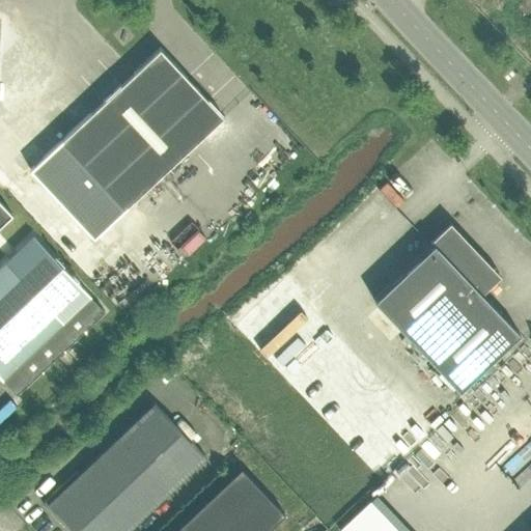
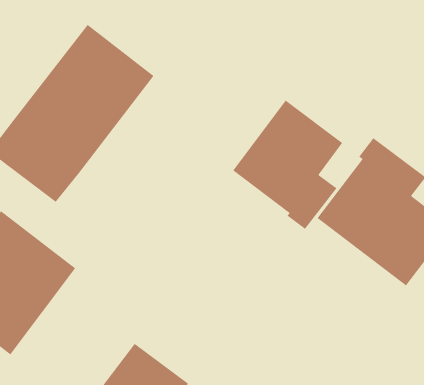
building: none -> [232,100,343,230]

